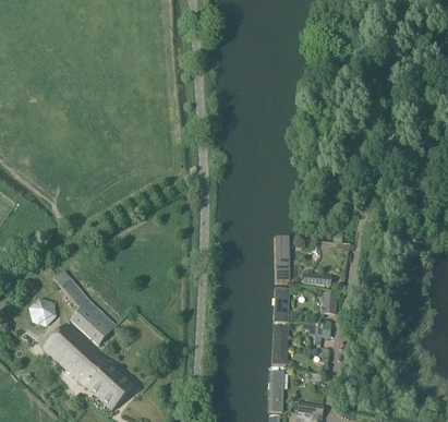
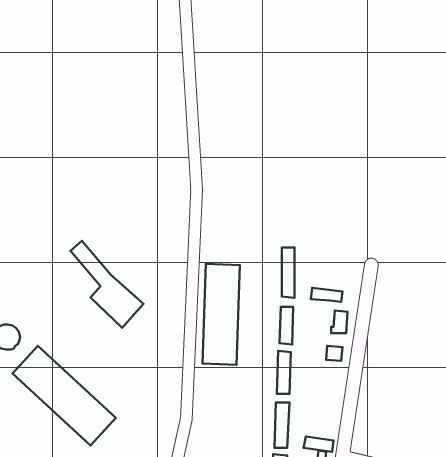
building: none -> [202,264,240,365]
building: [52,269,116,345] -> [70,241,143,328]

